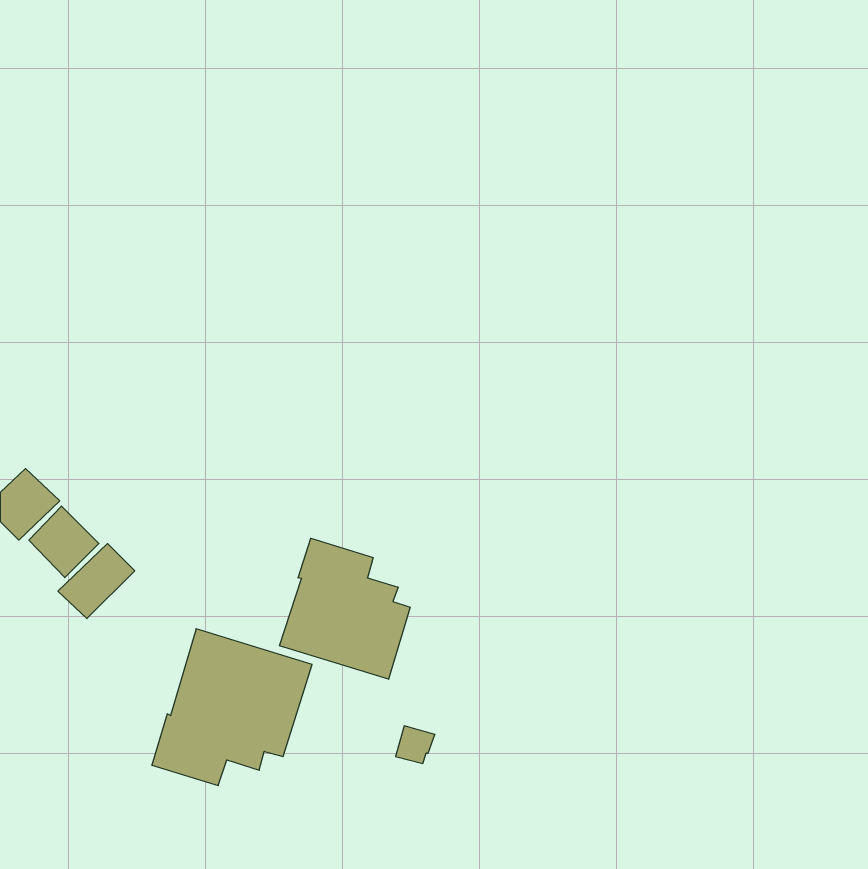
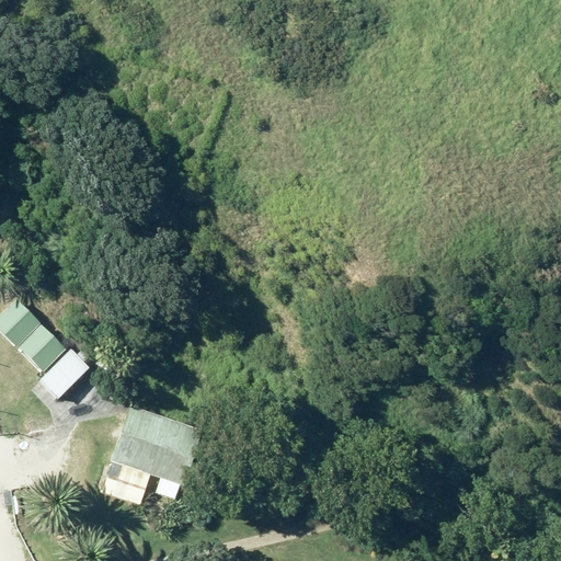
building: [280,538,410,679] -> none

